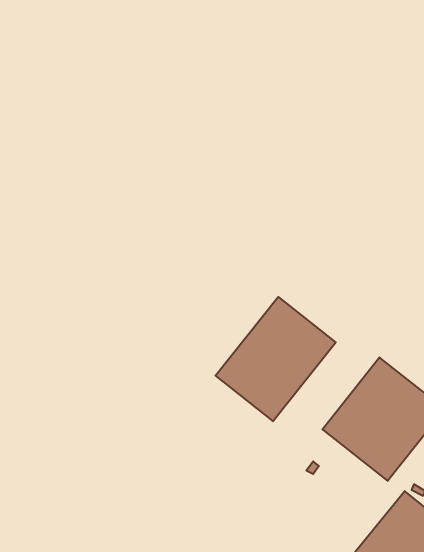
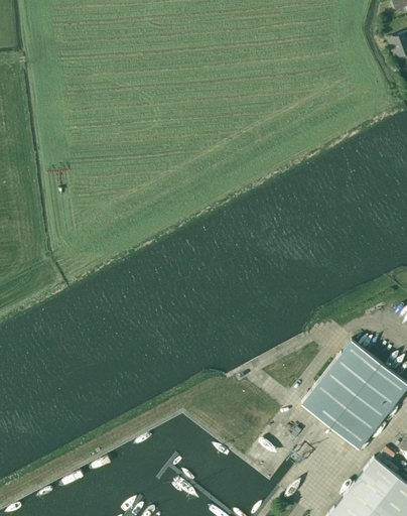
building: [215,297,336,421] -> none

